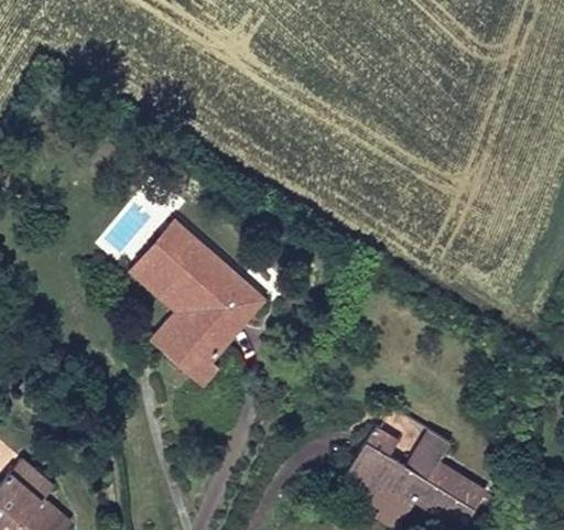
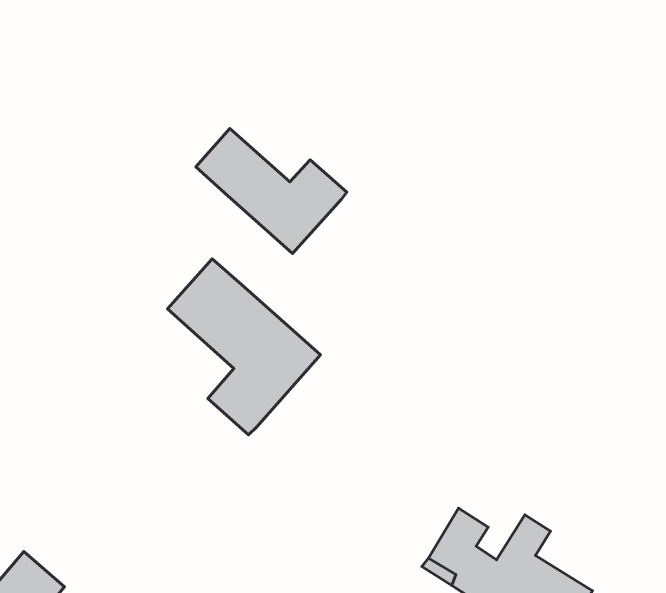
building: none -> [196,129,347,254]
building: [131,262,220,381] -> none

